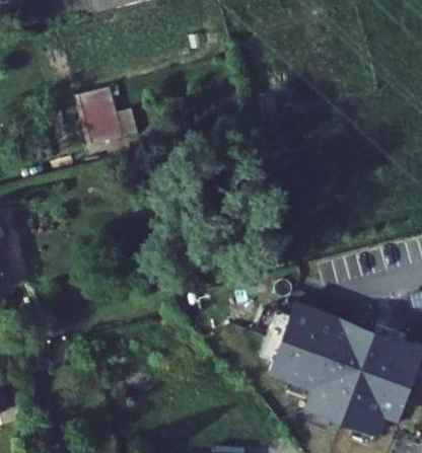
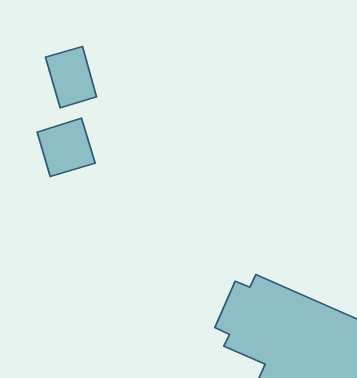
building: none -> [37,118,95,177]

